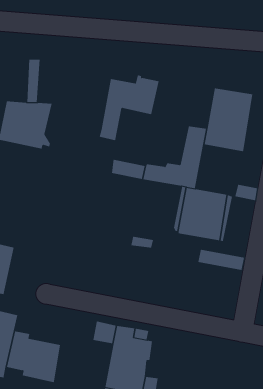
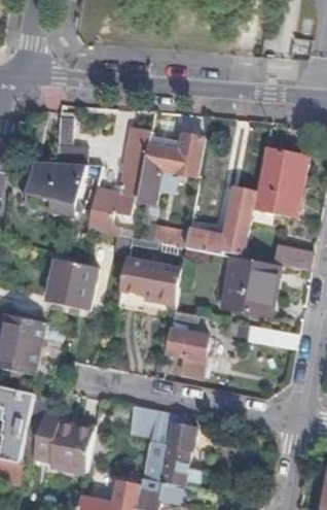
building: none -> [86,128,149,231]
building: none -> [118,254,181,304]
building: none -> [46,260,96,311]
building: none -> [165,329,208,375]

